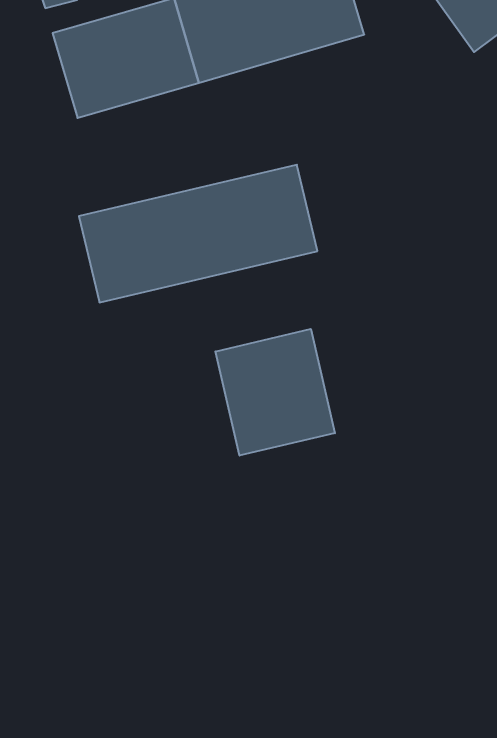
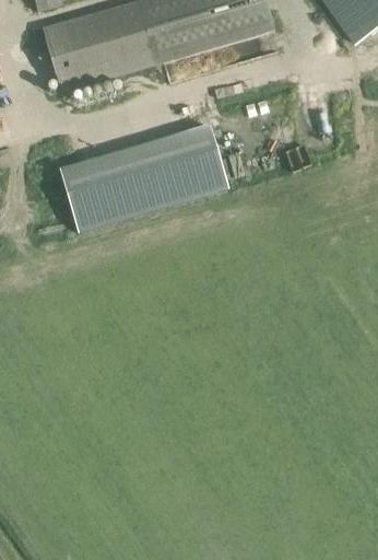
building: [215,329,335,456] -> none

